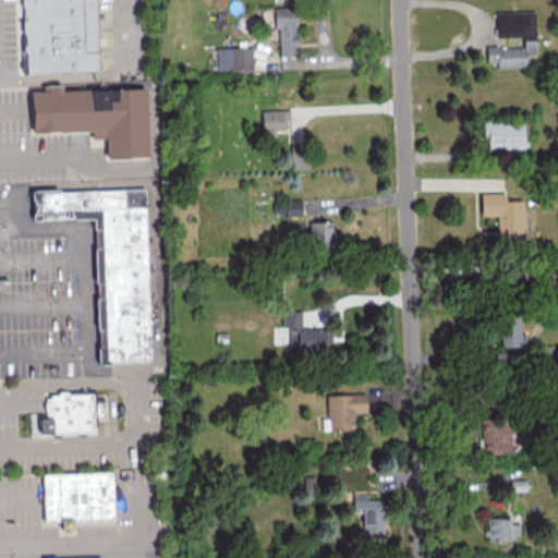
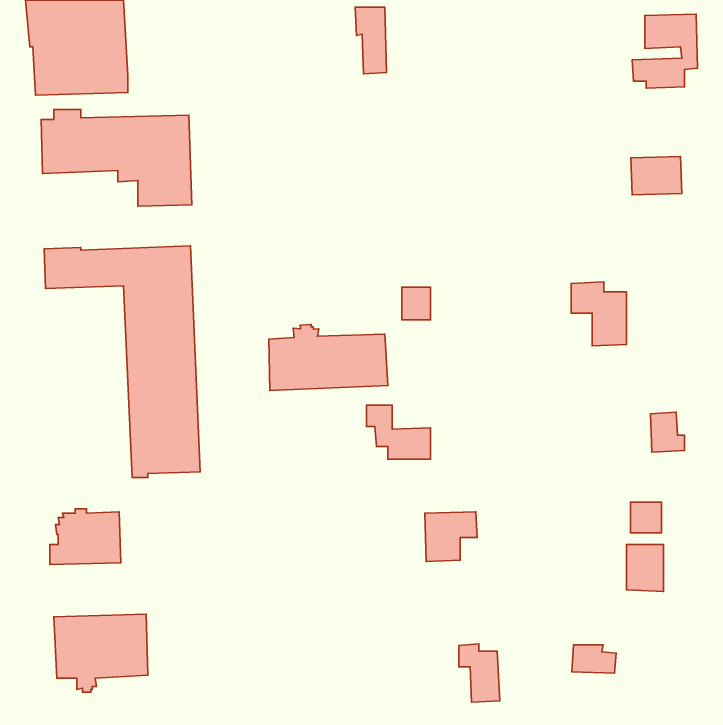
building: [218,47,254,72] -> none
building: [263,110,291,137] -> none
building: [482,192,524,241] -> [571,282,626,346]
building: none -> [269,324,388,391]
building: none -> [631,502,662,533]
building: [487,519,521,541] -> [572,645,616,673]

